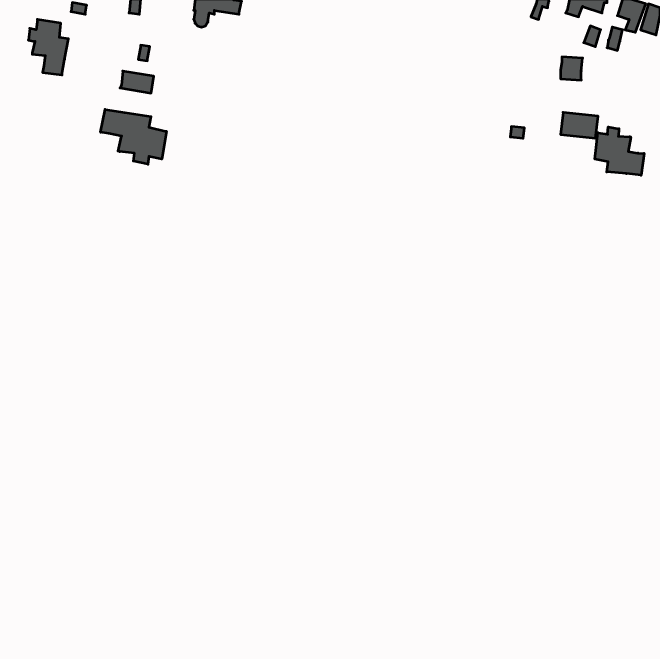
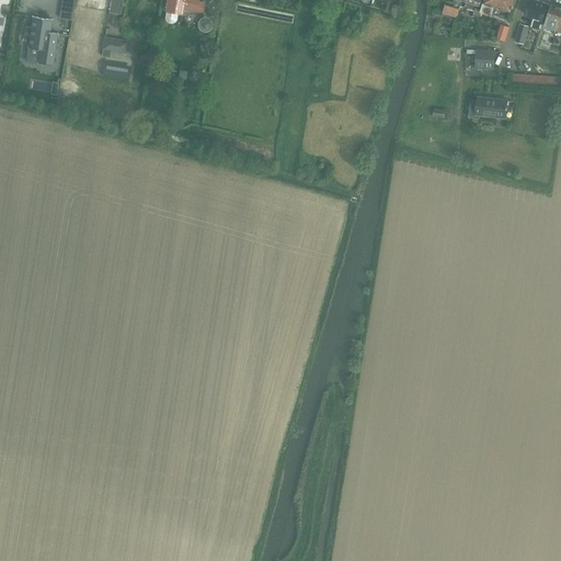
building: [101,109,166,164] -> none
building: [595,127,644,175] -> none

